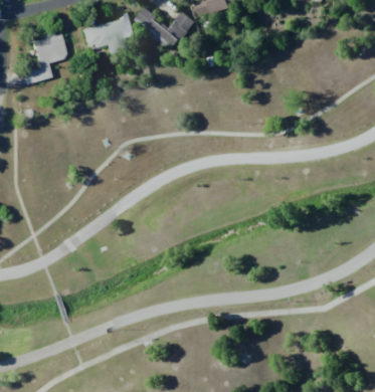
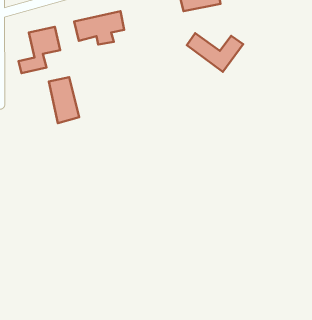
building: [136,8,197,50] -> [187,33,243,72]
building: none -> [49,77,79,123]

